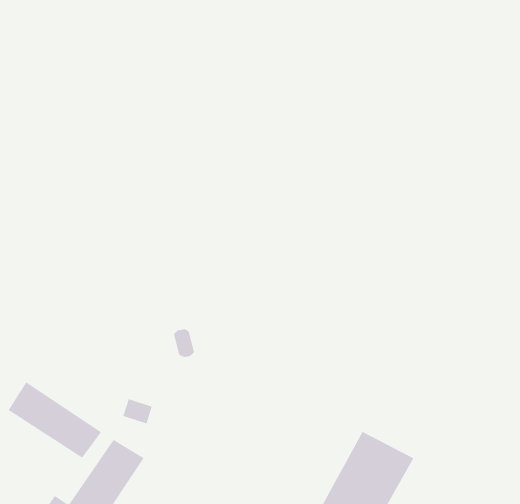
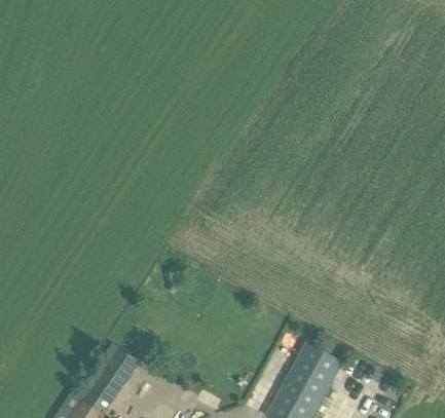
building: [8,382,102,459] -> none

